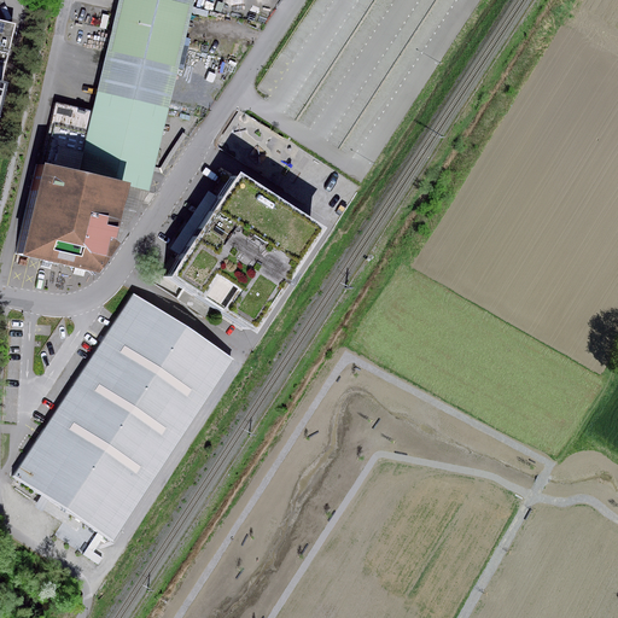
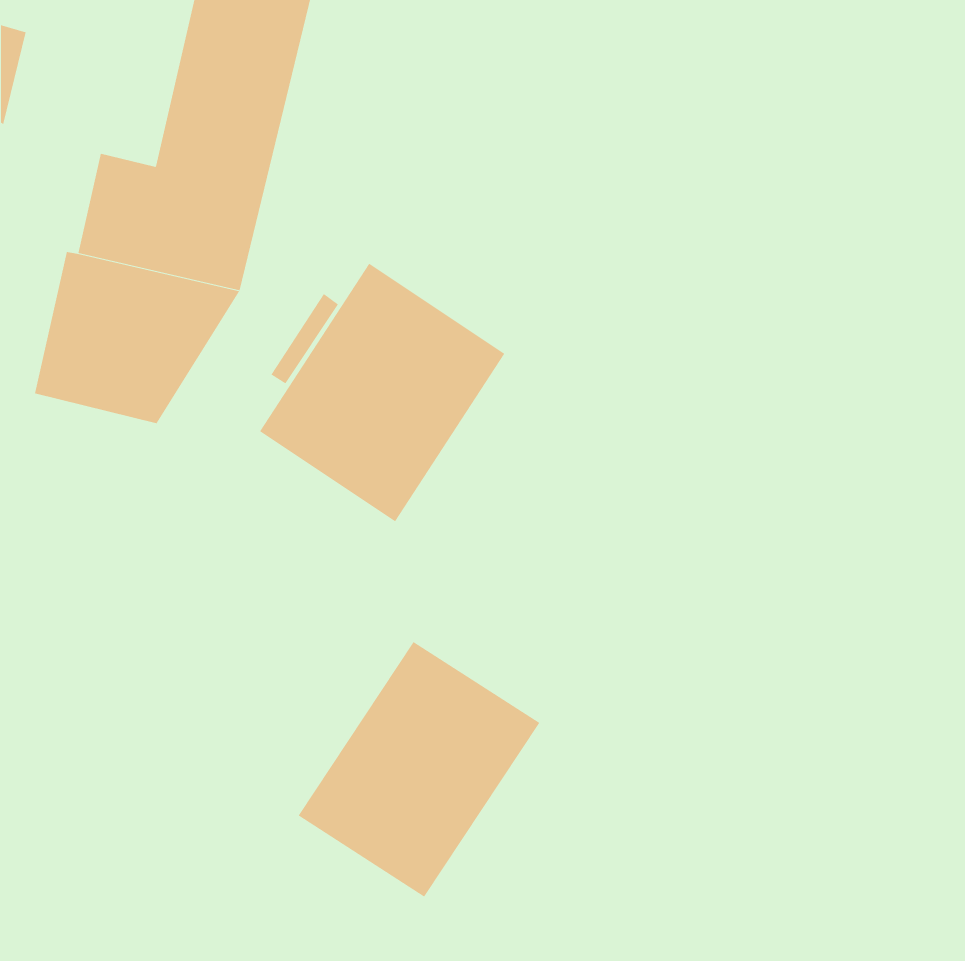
building: [10,291,229,538] -> none
building: none -> [298,641,540,898]

